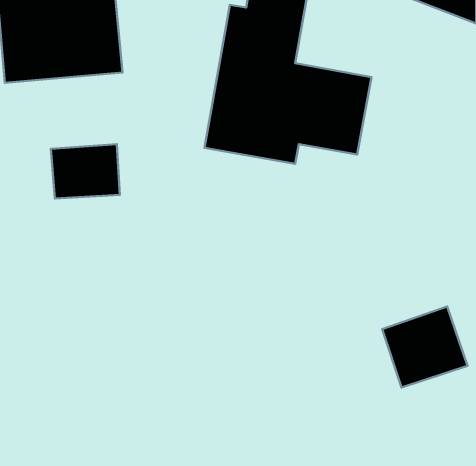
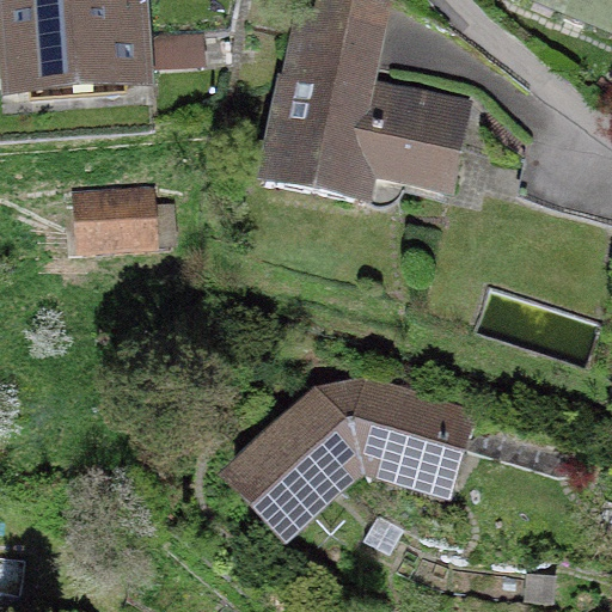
building: none -> [220,377,485,555]
building: [382,307,468,388] -> none

